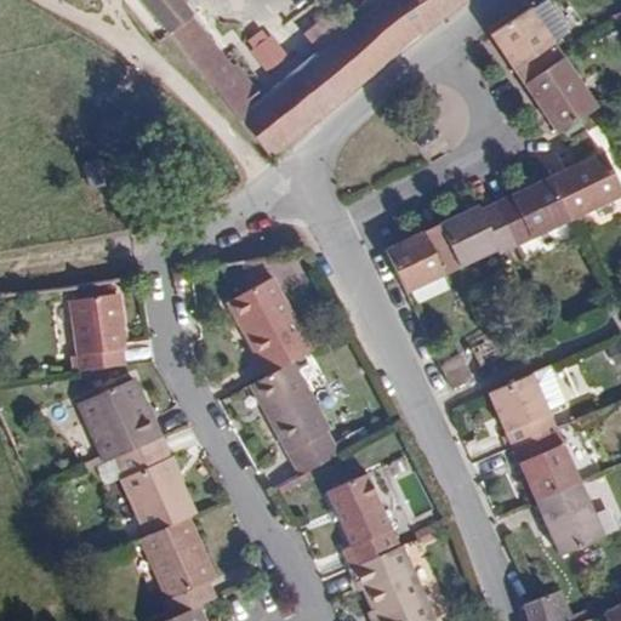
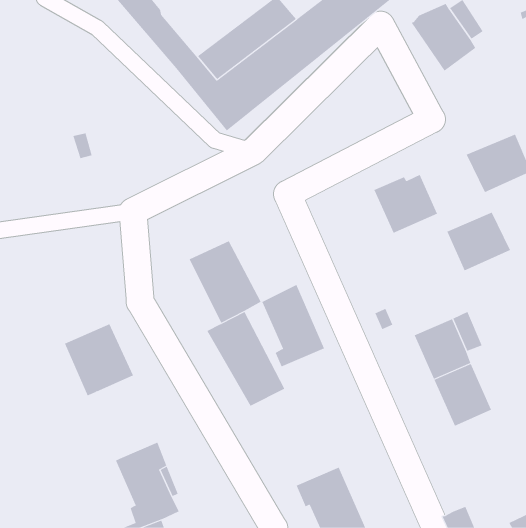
building: [524,56,596,132] -> none
building: [496,181,571,250] -> [446,212,511,271]
building: [388,222,465,296] -> none
building: [68,284,123,370] -> none
building: [118,438,196,536] -> none
building: [327,471,401,568] -> [261,284,325,367]
building: [536,479,603,551] -> none

